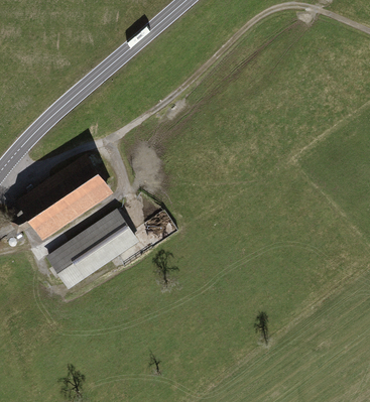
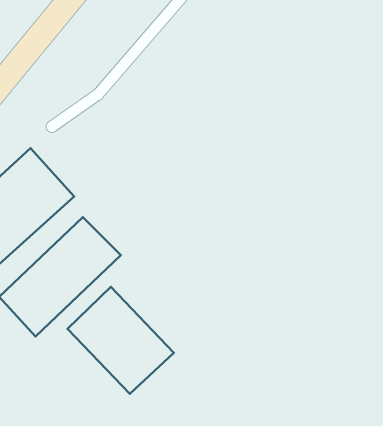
building: none -> [68,287,174,394]

